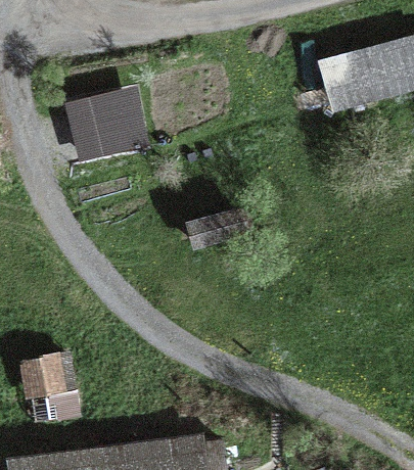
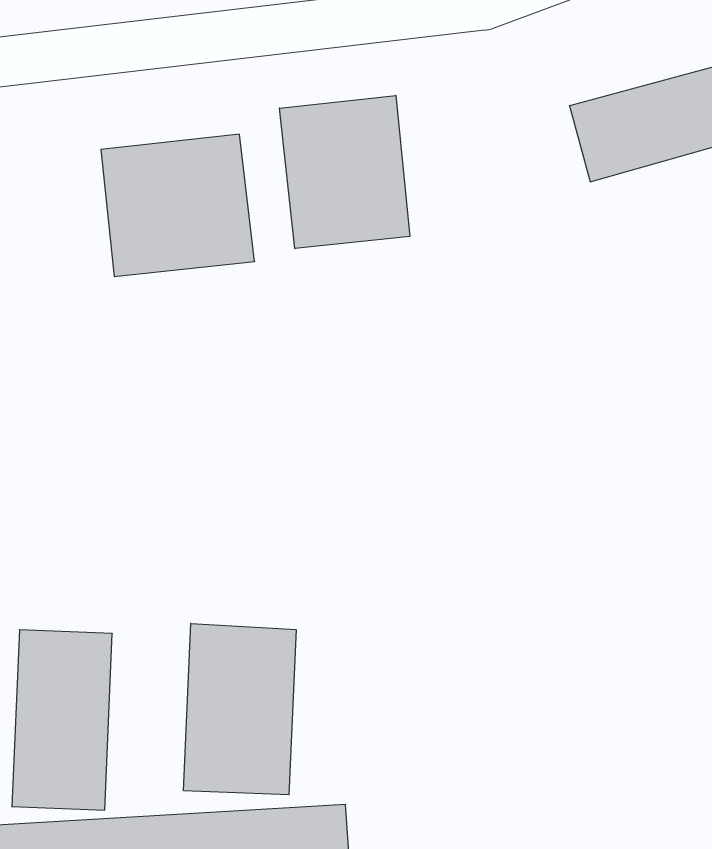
building: none -> [279,95,410,249]
building: none -> [184,623,296,795]

